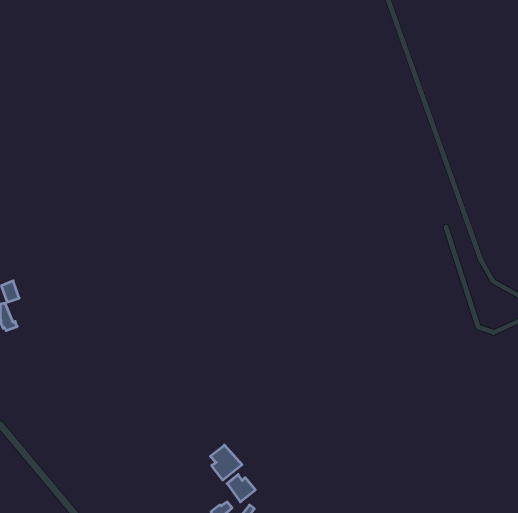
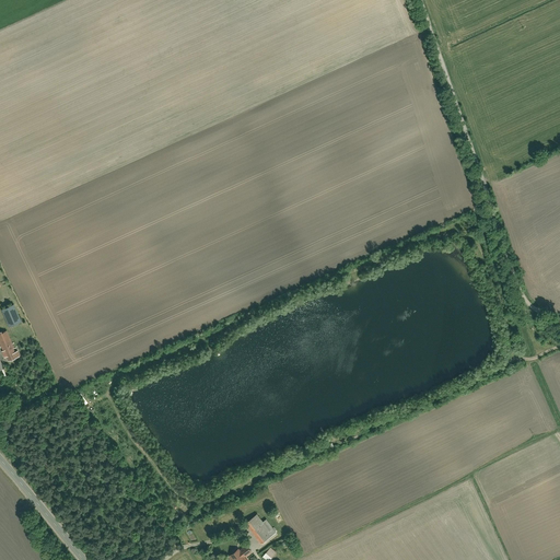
building: [210,445,242,480] -> none

